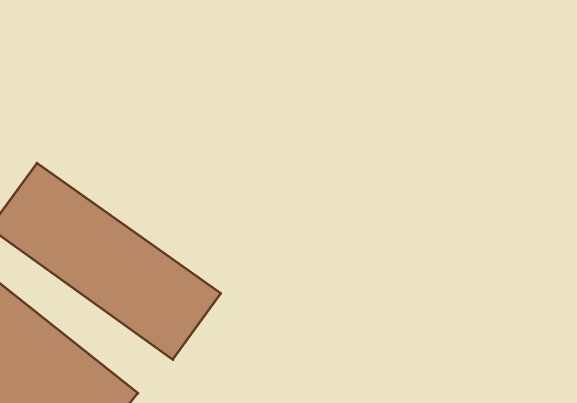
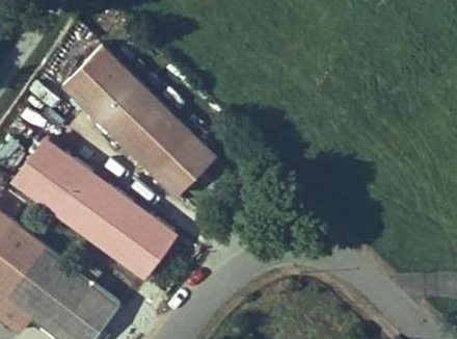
building: none -> [62,42,214,192]

